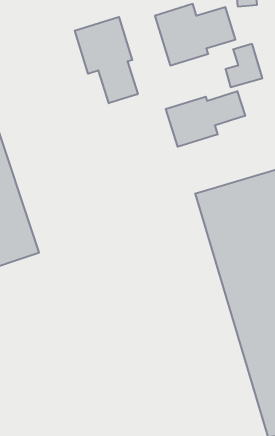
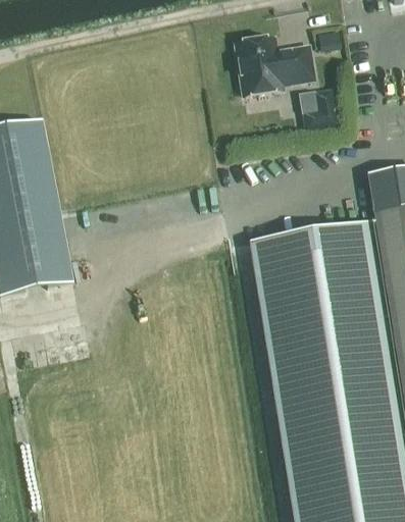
building: [75,17,138,103] -> none
building: [166,91,245,147] -> none

